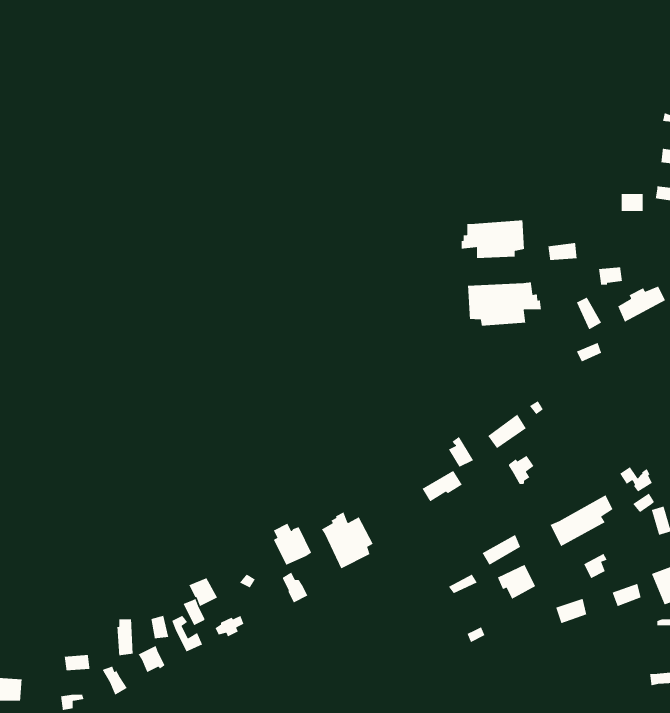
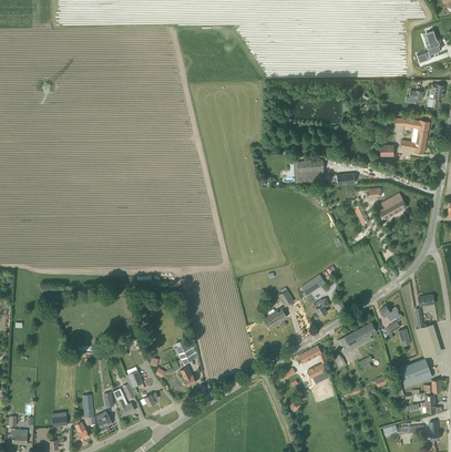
building: [467,281,542,326] -> none
building: [321,511,374,569] -> none

